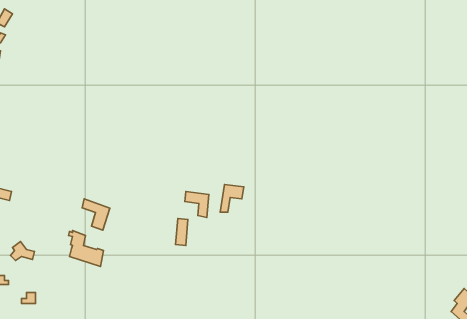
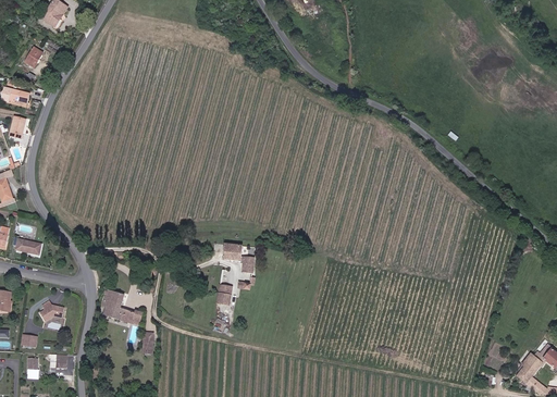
building: [220,184,244,212] -> none
building: [82,199,110,230] -> none

